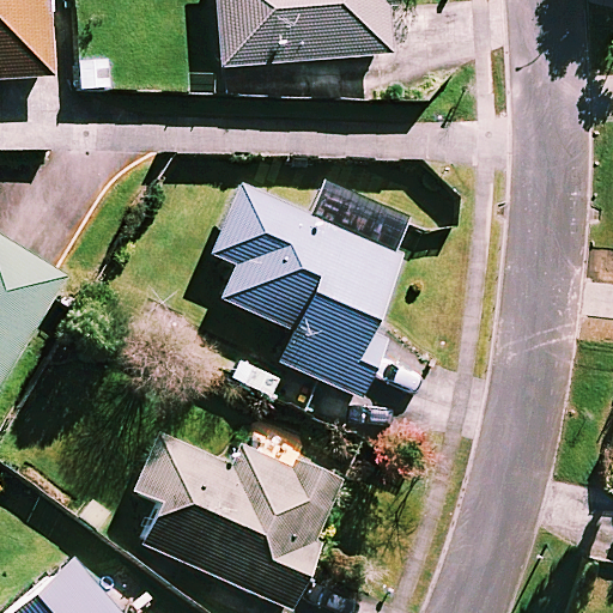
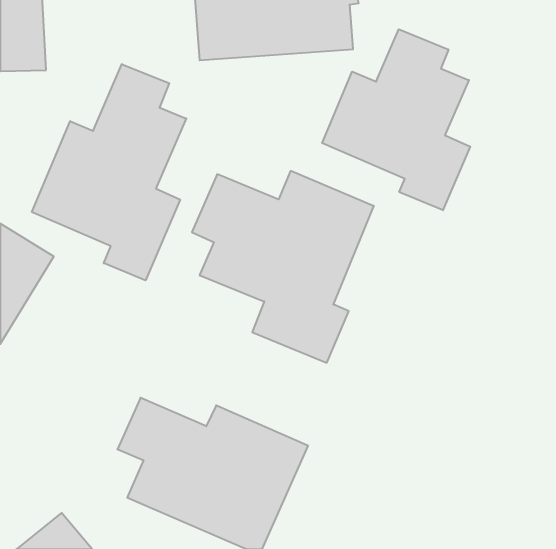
building: none -> [322,29,470,210]
building: none -> [32,64,186,280]

